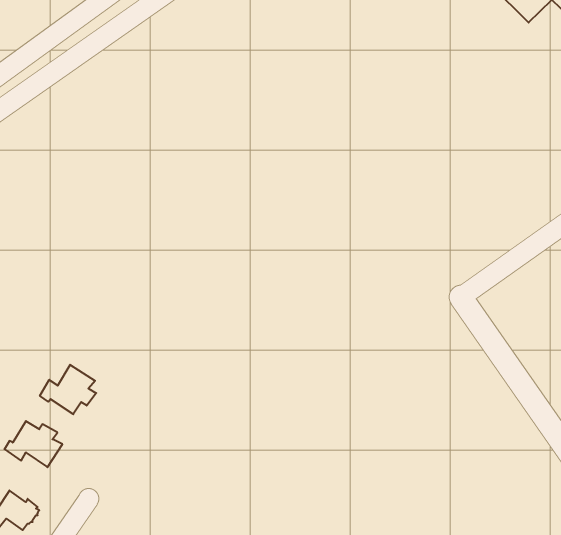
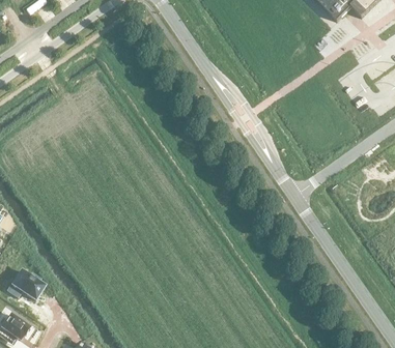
building: [40,365,96,414] -> none

